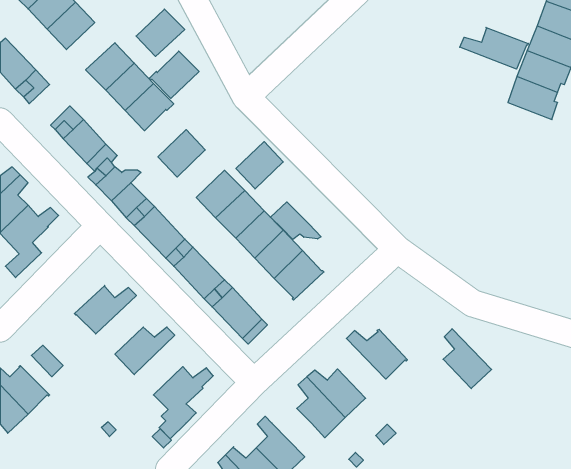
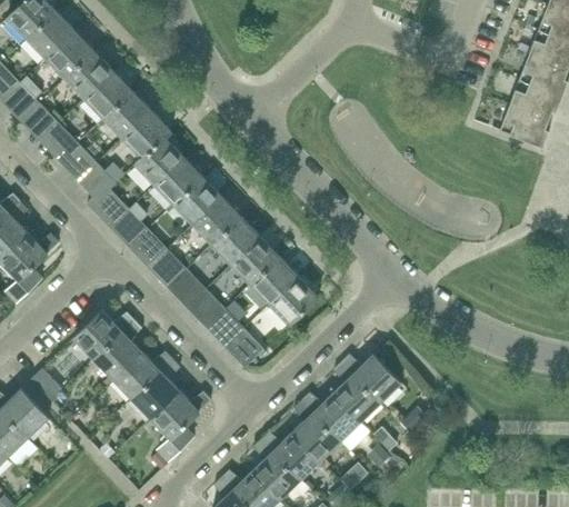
building: [136,9,185,56] -> [66,52,113,99]
building: [460,27,528,69] -> none
building: [149,51,199,98] -> [134,138,183,185]
building: none -> [29,113,69,153]
building: [236,142,283,189] -> [174,178,221,225]
building: [270,202,321,240] -> none
building: none -> [94,321,142,379]
building: [443,329,492,389] -> [332,364,380,422]
building: none -> [132,360,180,419]
building: none -> [261,433,320,480]

